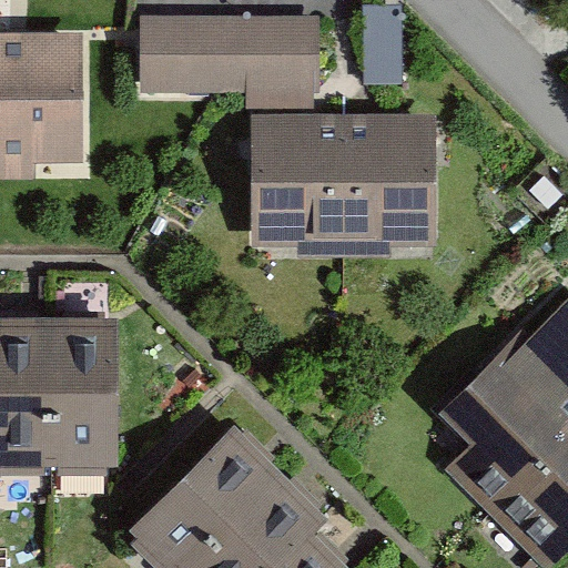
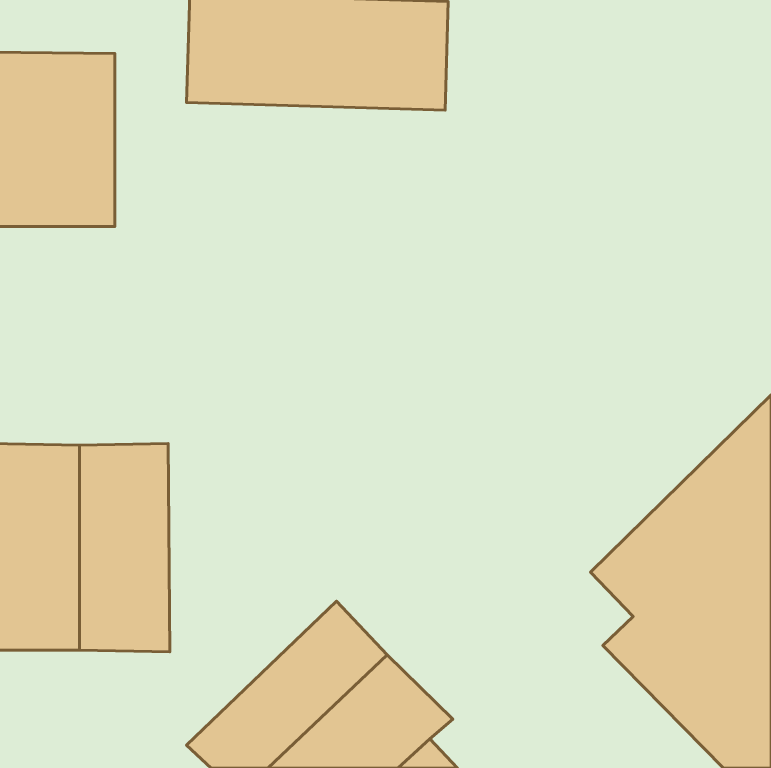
building: [264,134,438,248] -> none

